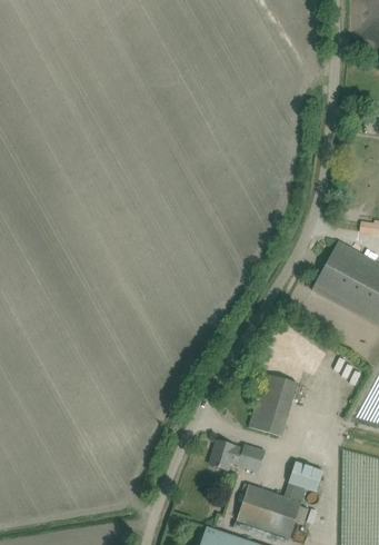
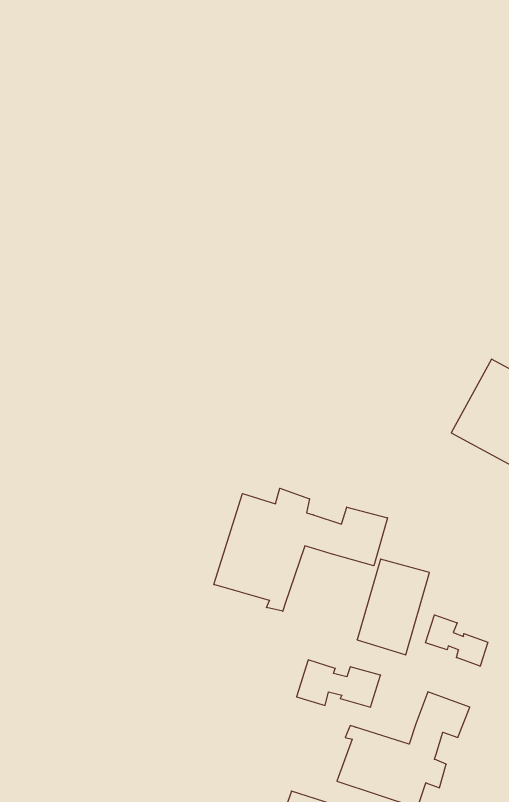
building: none -> [214,488,387,611]
building: none -> [426,615,488,666]

